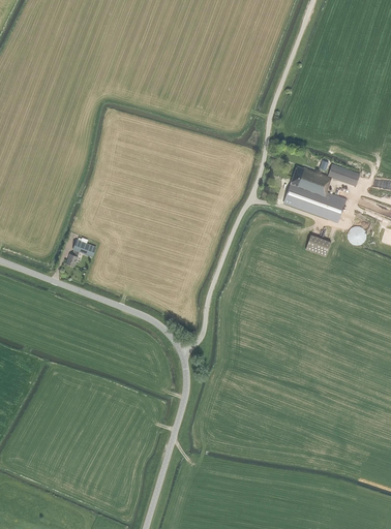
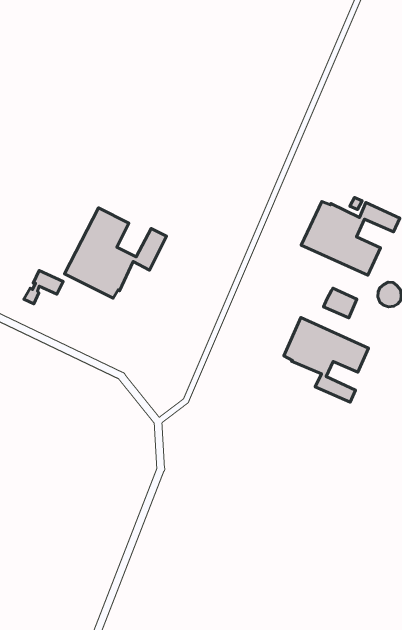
building: none -> [65,208,166,298]
building: none -> [284,317,369,402]

